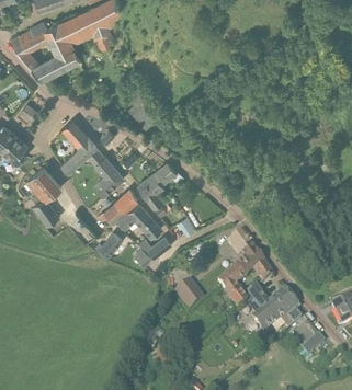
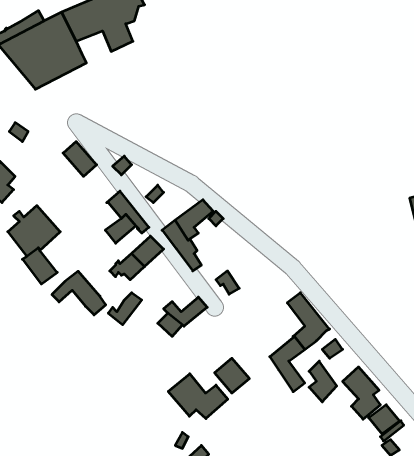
building: [61,137,104,173] -> none
building: [120,204,160,237] -> [52,271,106,315]
building: none -> [168,374,228,419]
building: [253,300,285,332] -> none

